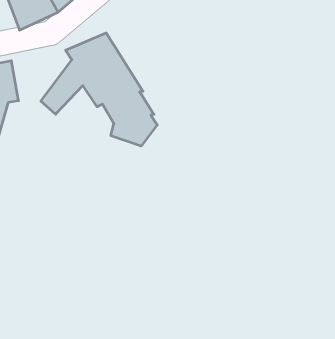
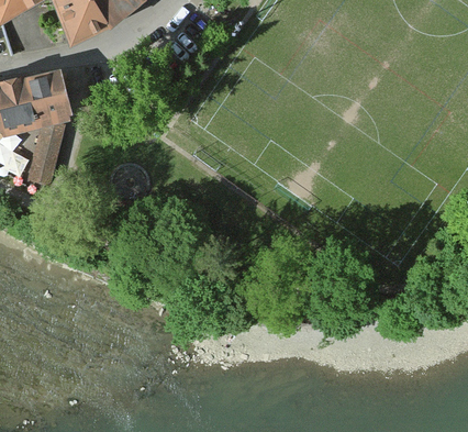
building: [41,33,157,146] -> none

